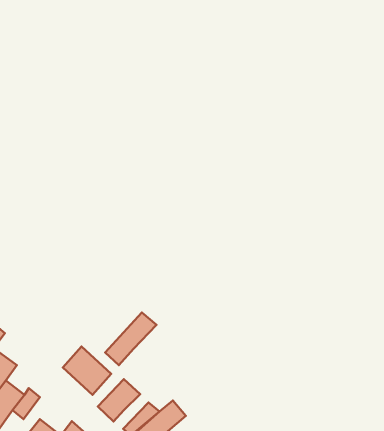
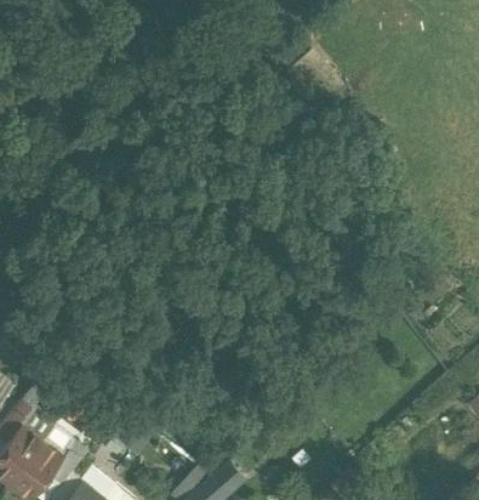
building: [105,313,156,365] -> none
building: [98,379,140,421] -> none

